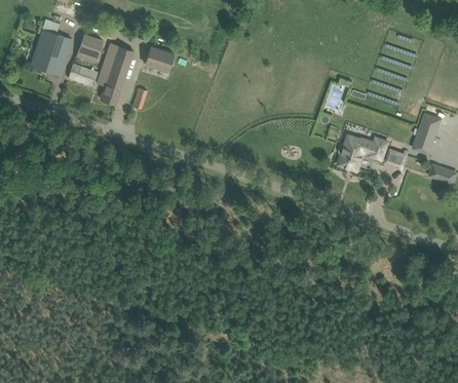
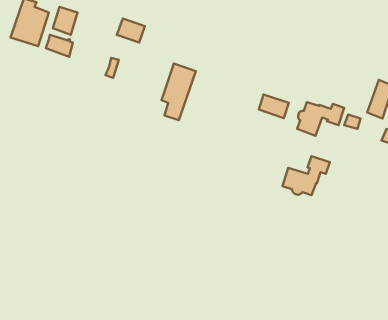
building: [98,43,135,104] -> [161,64,196,120]
building: none -> [259,95,289,118]
building: none -> [283,156,330,195]

